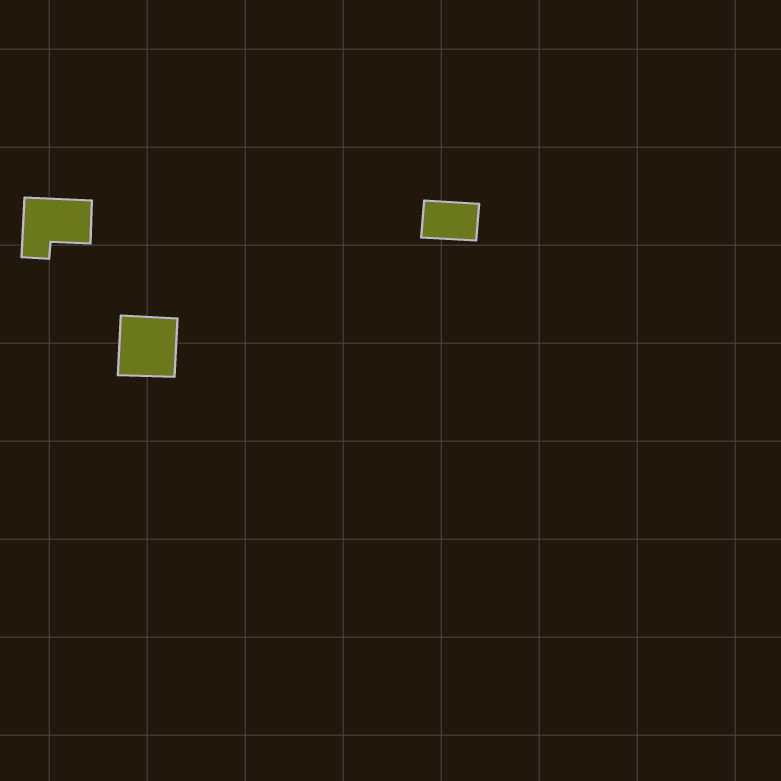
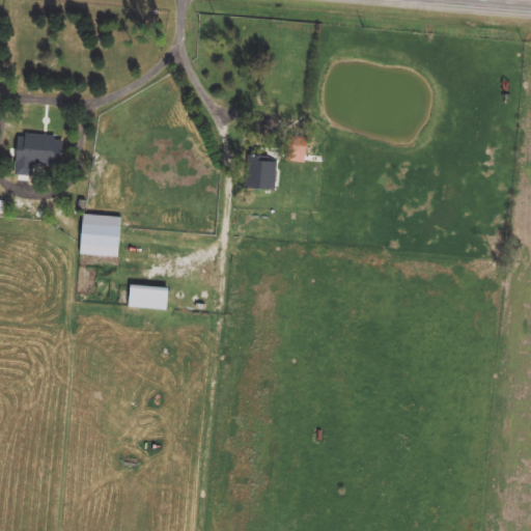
building: none -> [245,152,275,189]
building: none -> [129,284,168,309]

